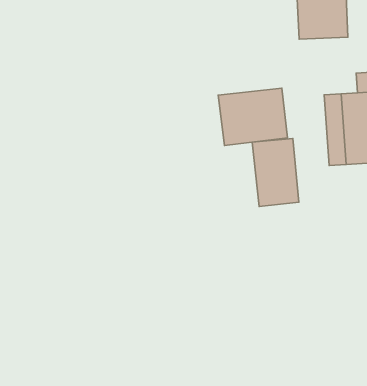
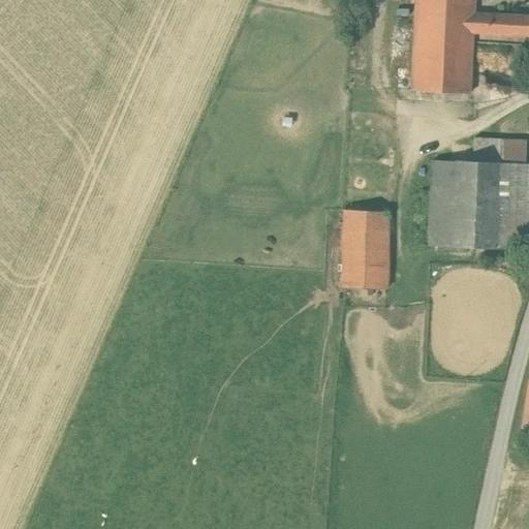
building: [218,88,287,146] -> none

